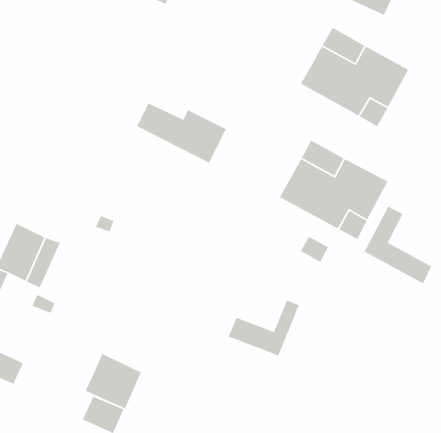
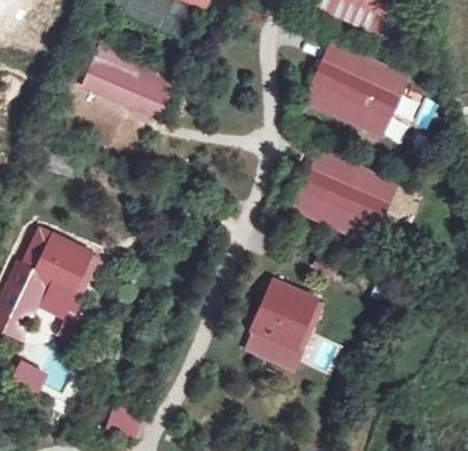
building: [136,103,227,164] -> [86,57,172,115]
building: [363,206,432,285] -> none
building: none -> [252,277,319,339]
building: [85,353,142,409] -> none

